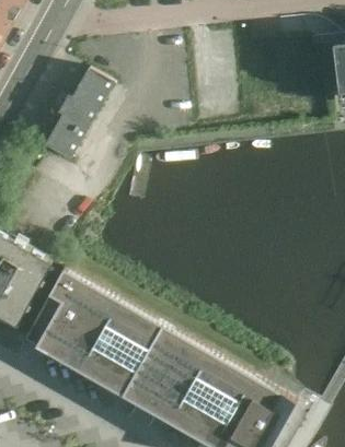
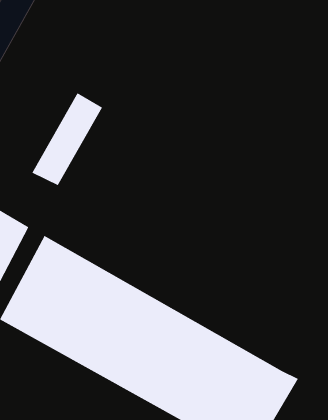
building: [45,71,112,158] -> [31,92,103,186]

